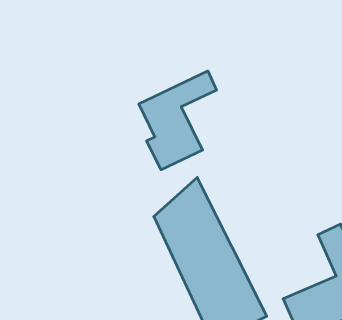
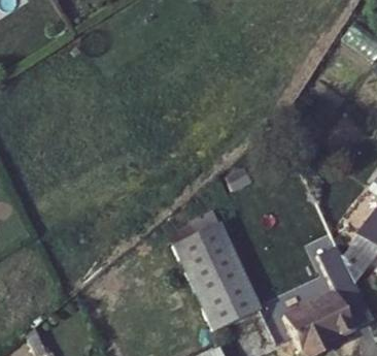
building: [139,71,216,170] -> none

